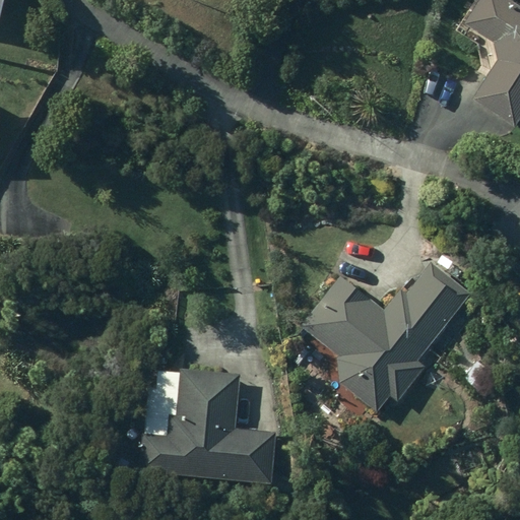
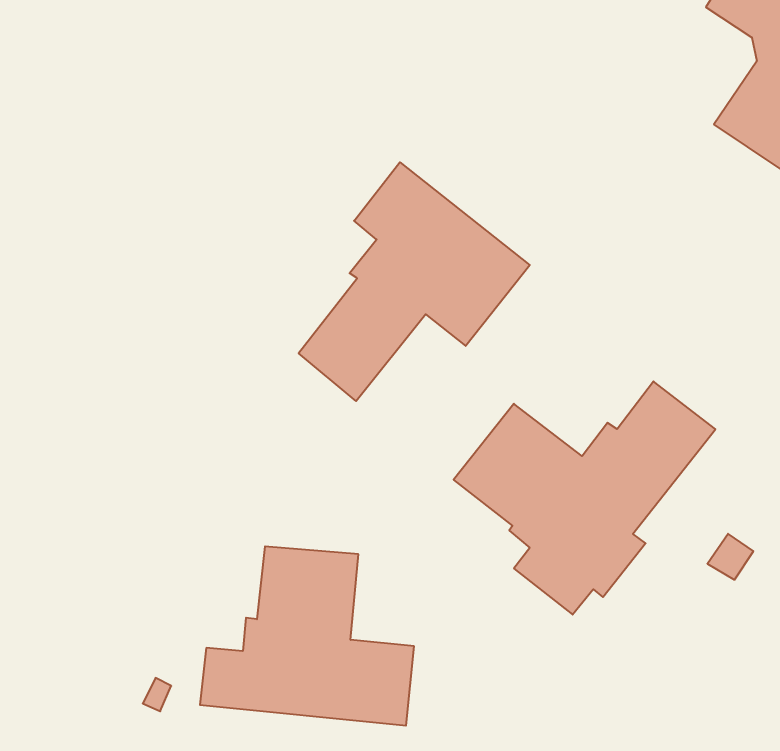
building: none -> [299,162,530,401]

